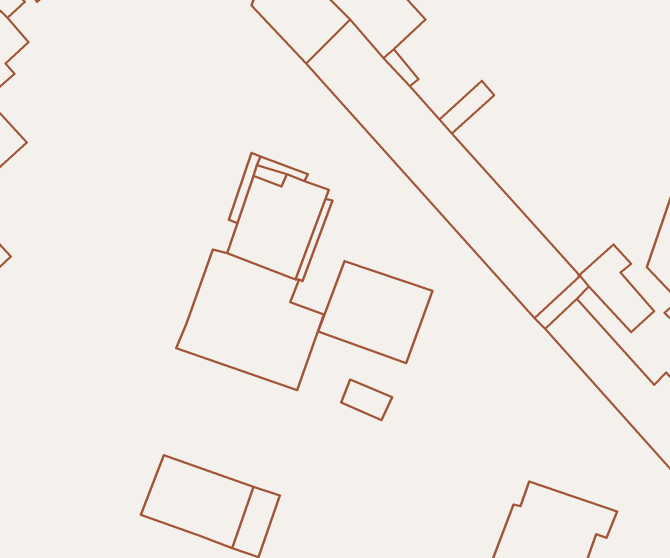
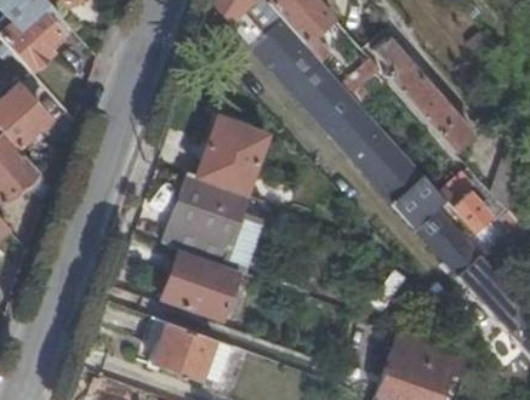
building: none -> [372,38,466,145]
building: [318,261,432,363] -> [160,251,239,321]

